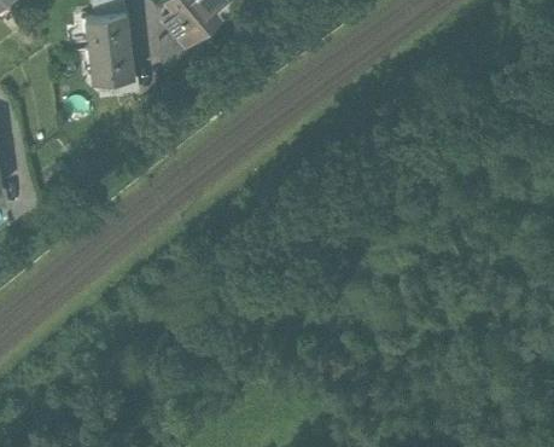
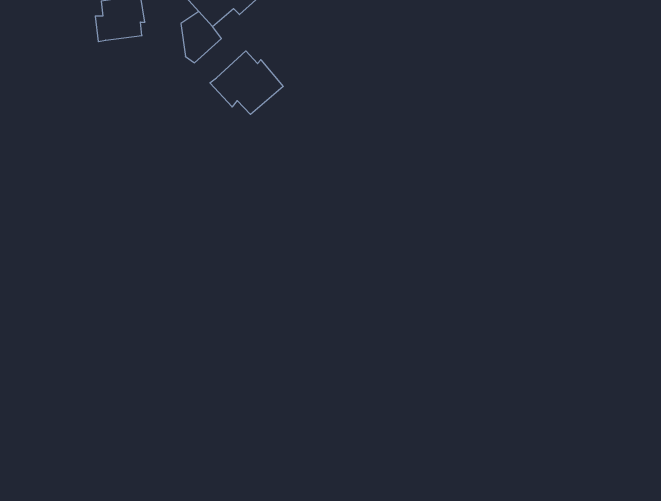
building: [94,45,134,82] -> none
building: none -> [210,51,283,114]

